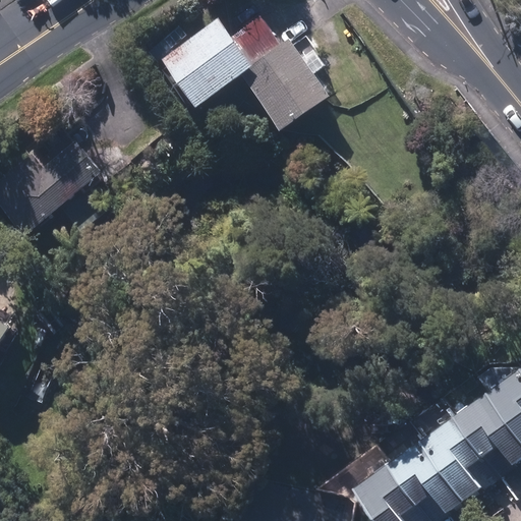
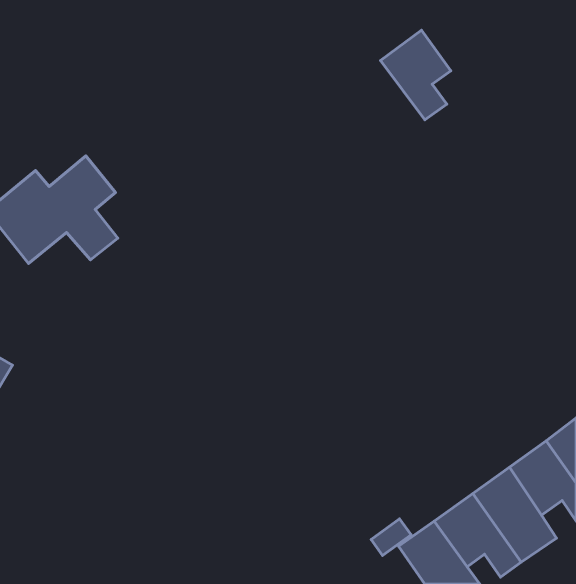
building: [160,16,330,131] -> none
building: none -> [381,30,451,120]

